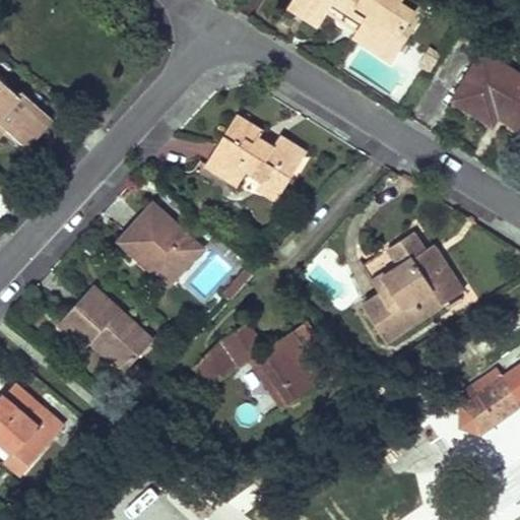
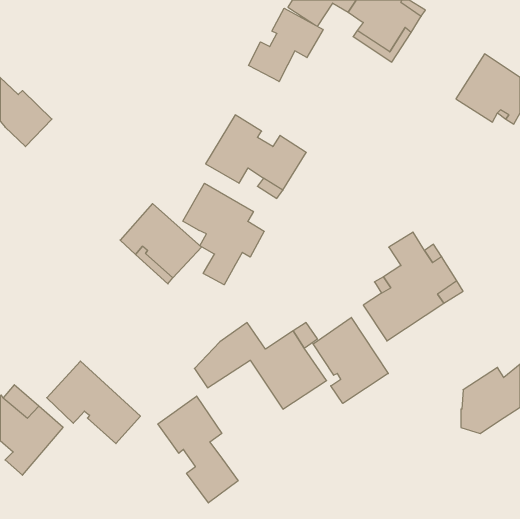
building: none -> [249,8,323,82]
building: none -> [183,183,264,285]
building: [59,286,152,369] -> [47,361,140,444]
building: none -> [313,317,388,403]
building: none -> [158,396,238,503]

